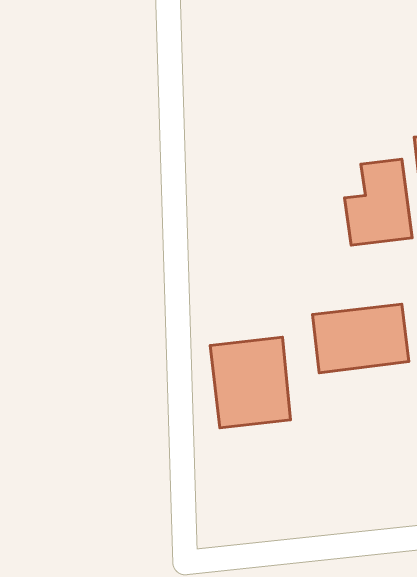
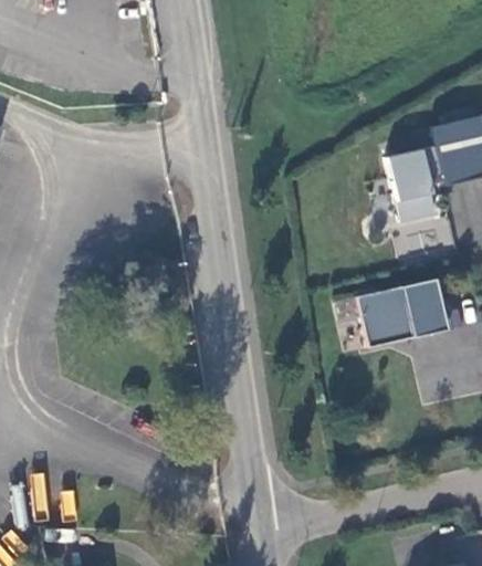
building: [210,337,290,428] -> none

